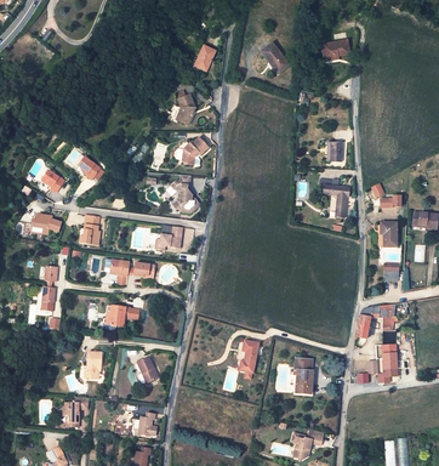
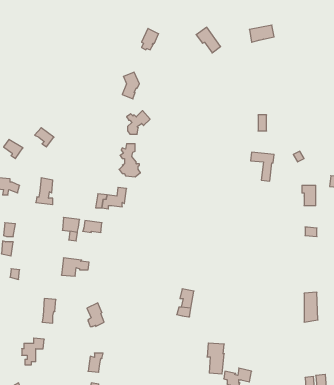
building: [355,303,395,337] -> none
building: [293,358,313,393] -> [207,343,224,374]

